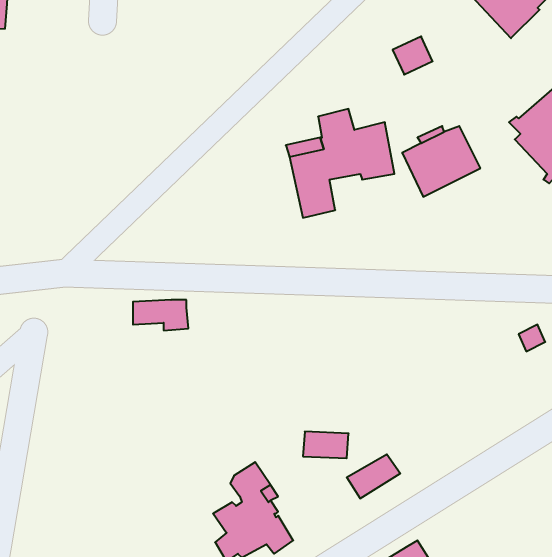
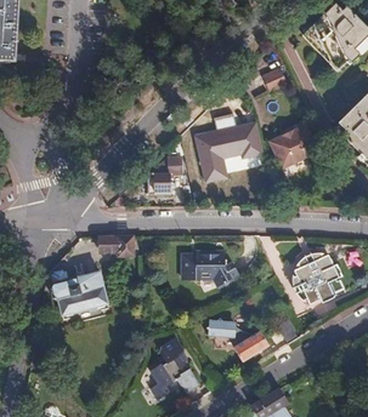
building: none -> [148,159,182,194]
building: none -> [183,249,238,284]
building: none -> [294,251,340,305]
building: none -> [44,269,102,314]

